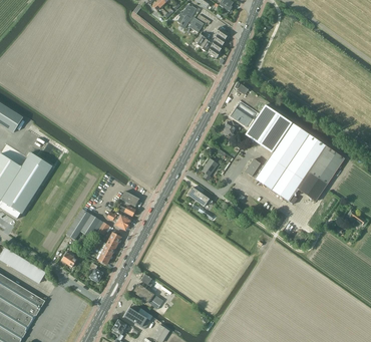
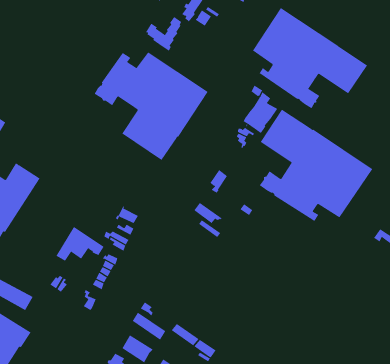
building: none -> [252,7,368,109]
building: [196,27,228,58] -> [145,16,182,51]
building: none -> [94,51,209,161]

